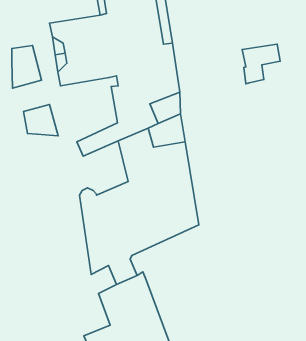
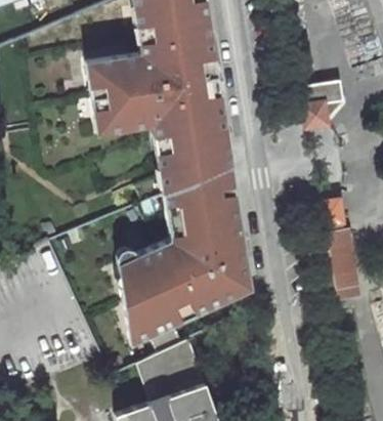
building: [12,46,42,88] -> none
building: [23,105,58,136] -> none
building: none -> [316,201,355,296]

